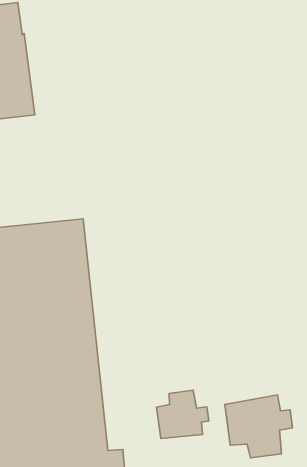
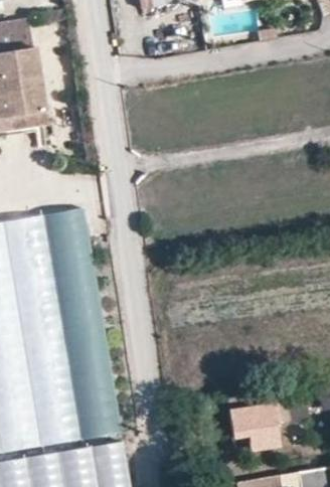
building: [156,390,209,438] -> none

